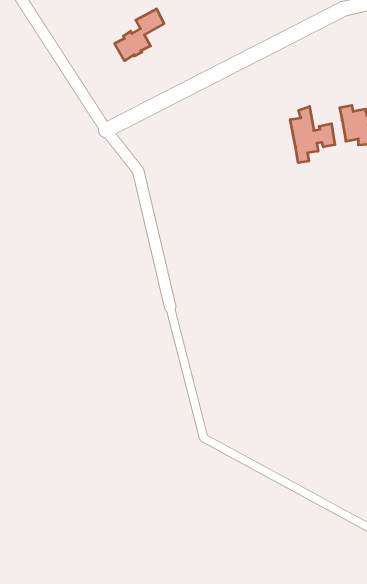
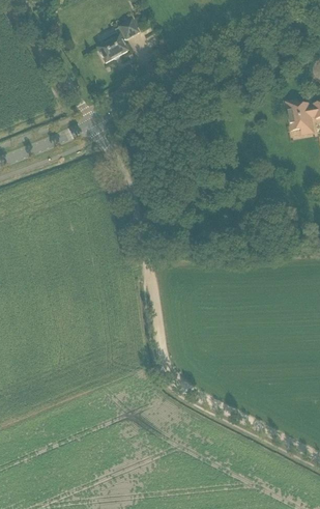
building: [290,106,335,163] -> none

